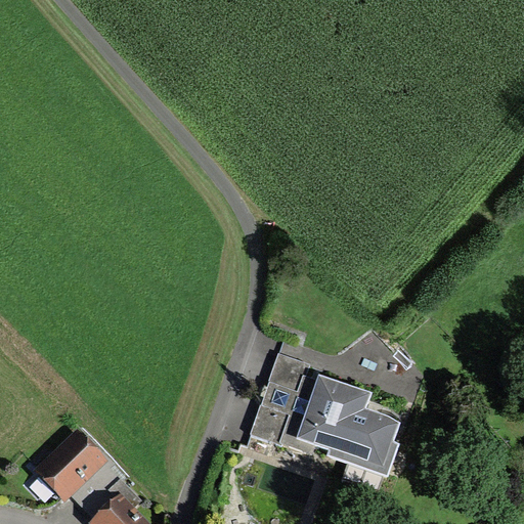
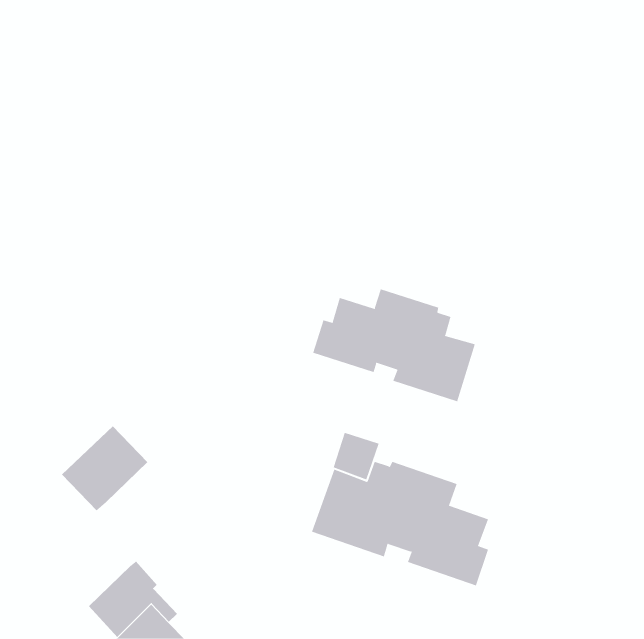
building: none -> [312,288,476,402]
building: [35,430,105,499] -> [61,425,148,511]

